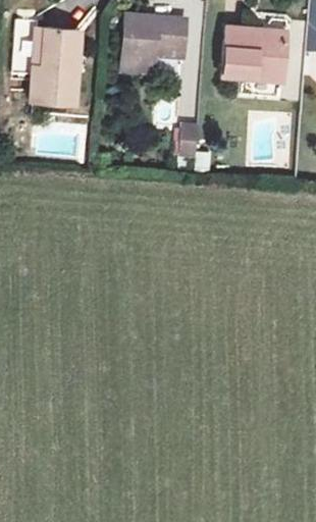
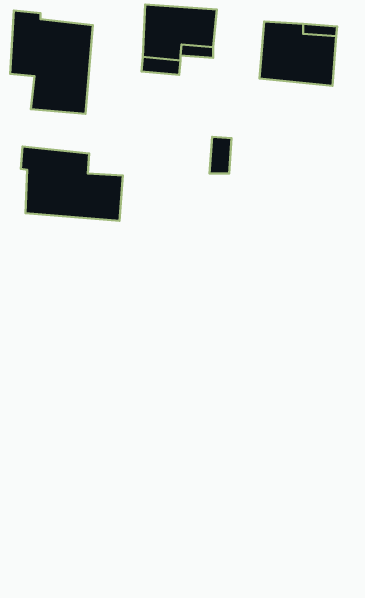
building: none -> [21,147,123,221]

